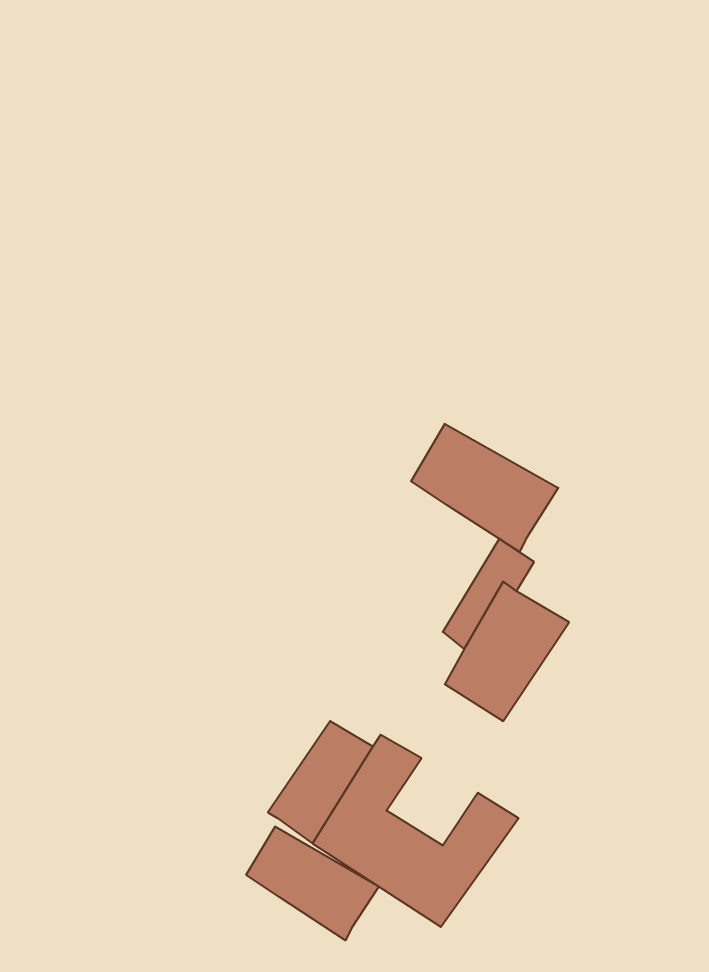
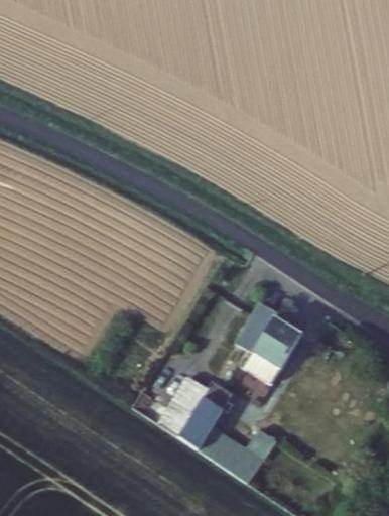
building: [411,424,558,552] -> none
building: [246,826,379,940] -> none

